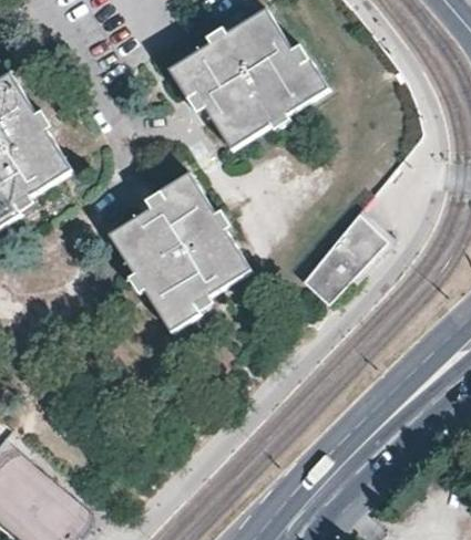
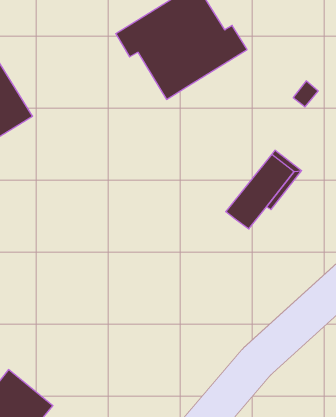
building: [111,174,249,331] -> none

